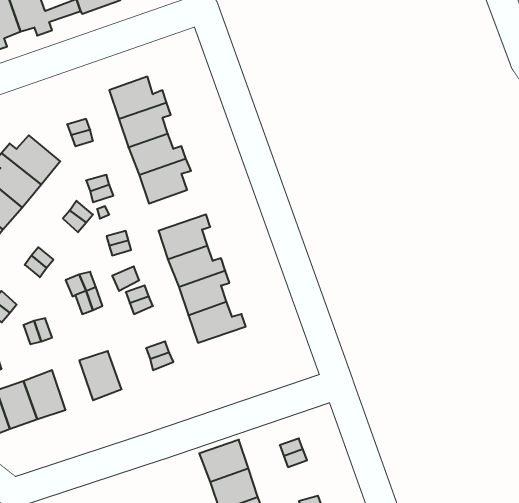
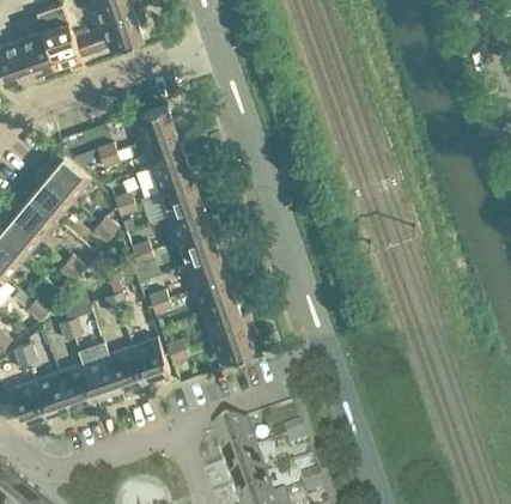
building: none -> [169,204,219,239]
building: none -> [212,323,257,363]
building: none -> [133,336,170,378]
building: none -> [79,340,120,396]

